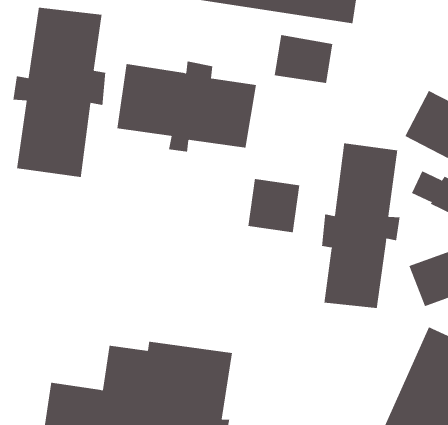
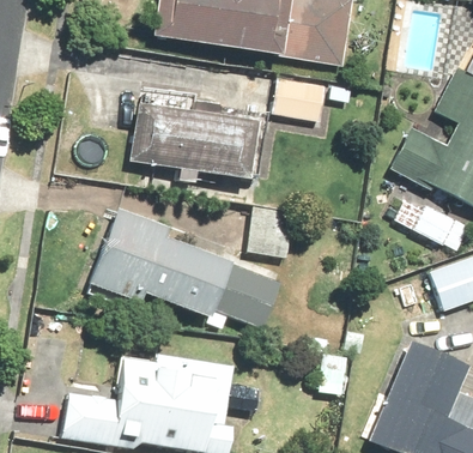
building: [13,7,106,178] -> none
building: [321,142,400,309] -> none
building: none -> [89,207,280,327]

